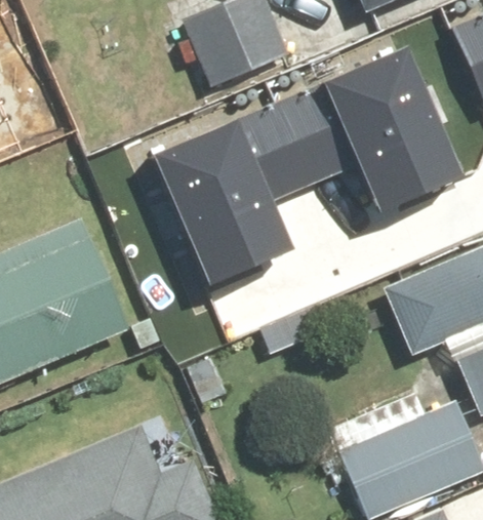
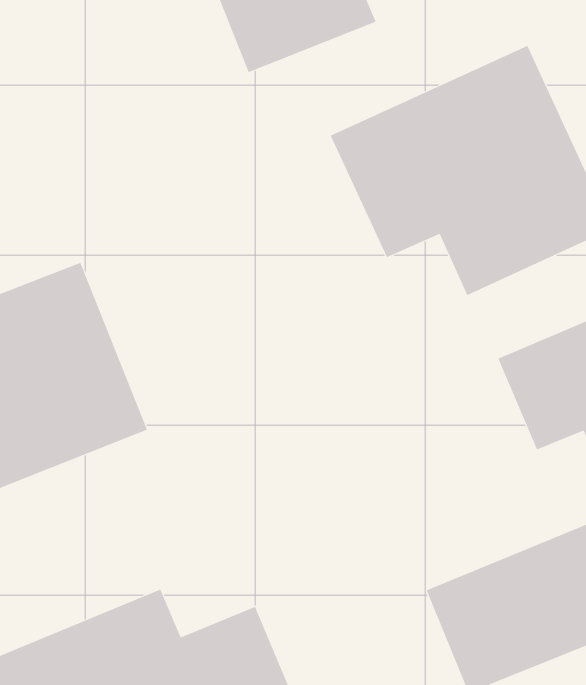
building: [142,126,297,301] -> none

